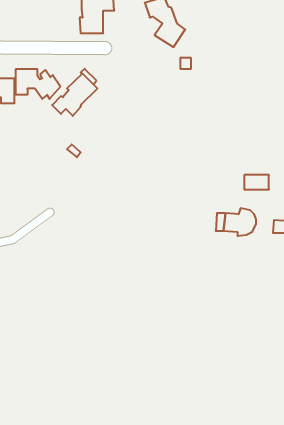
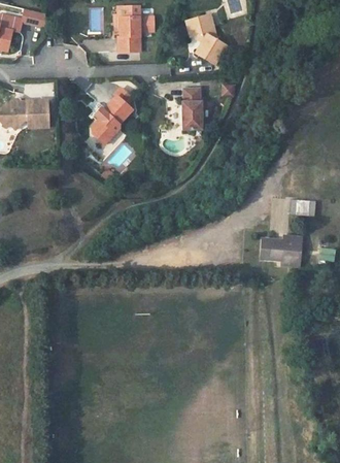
building: none -> [182,88,203,130]
building: [16,69,60,99] -> none

